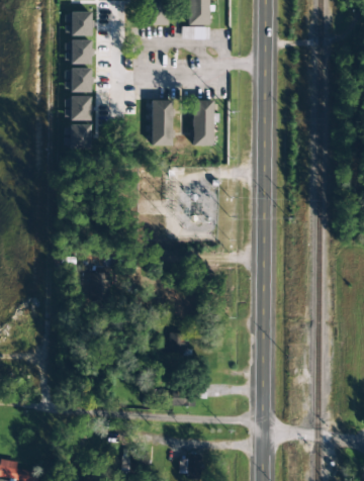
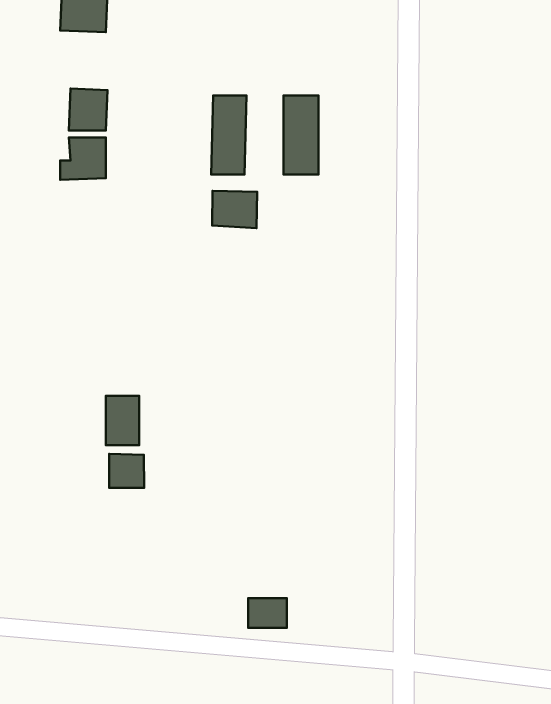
building: [65,68,92,91] -> none
building: none -> [212,191,257,228]
building: none -> [109,454,144,488]

